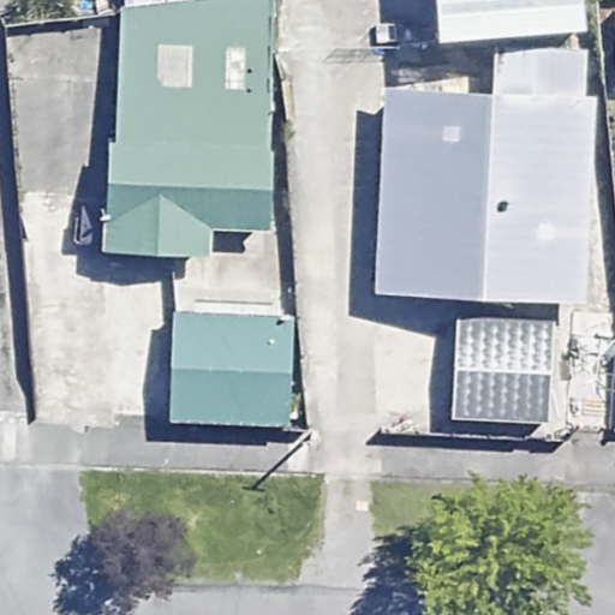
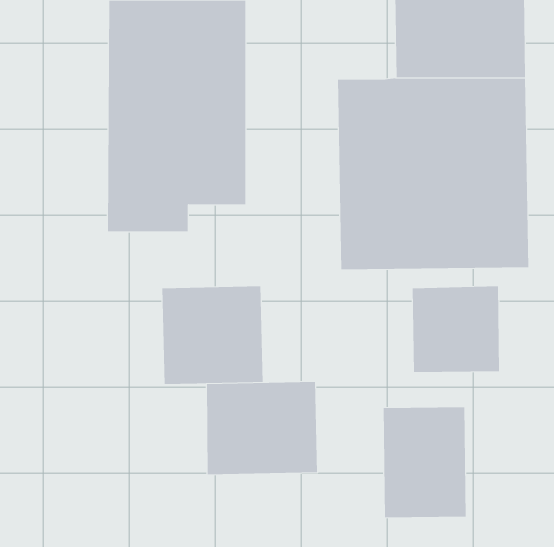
building: none -> [206,381,318,475]
building: none -> [383,407,466,518]

